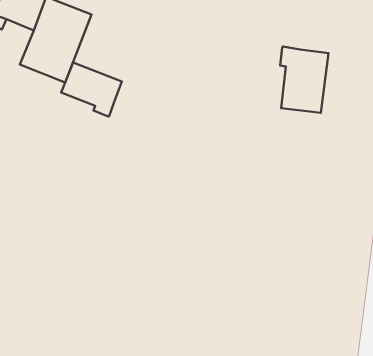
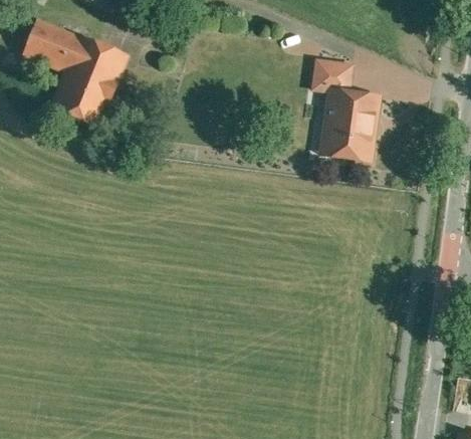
building: none -> [312,57,351,90]
building: [61,62,122,116] -> none

